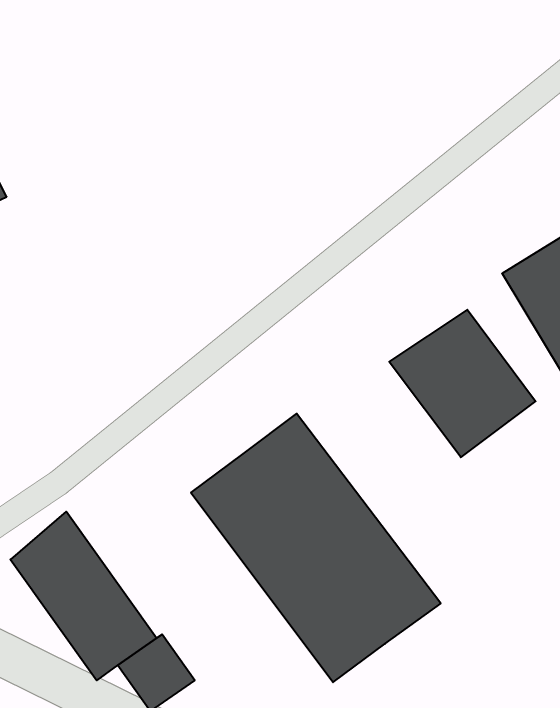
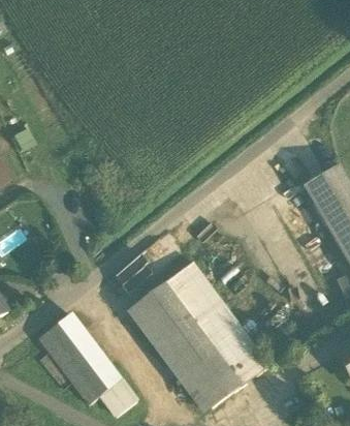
building: [389,310,536,457] -> none

